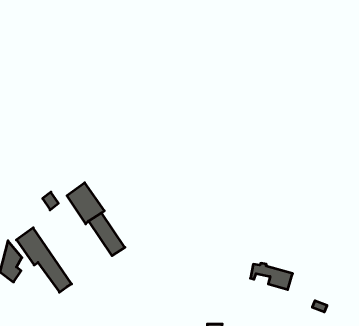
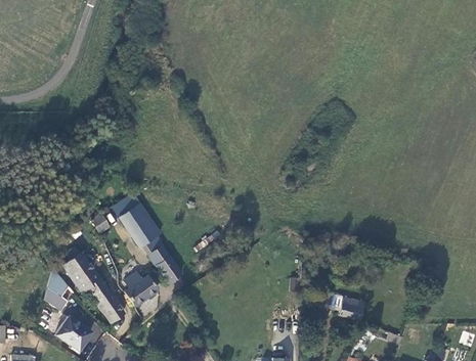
building: none -> [125,273,158,306]
building: none -> [56,316,92,351]

